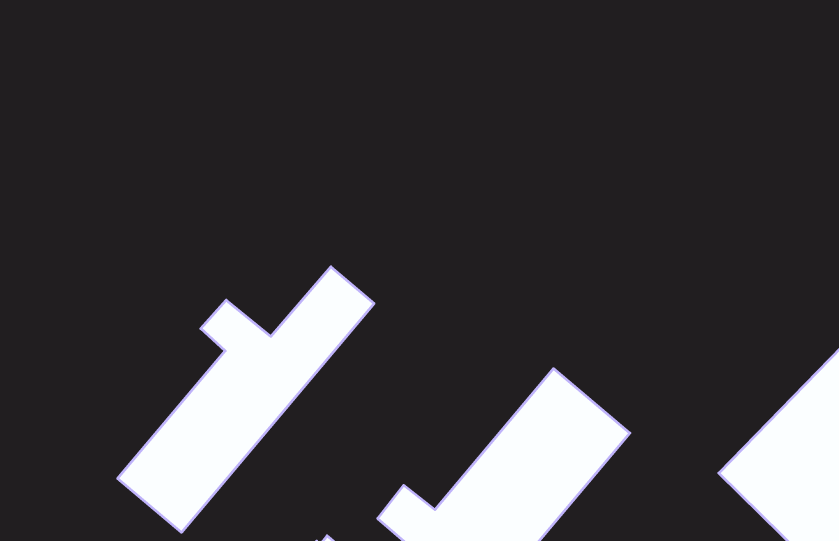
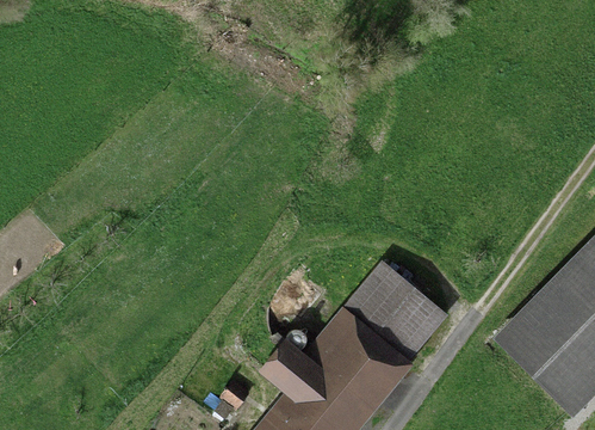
building: [118,267,374,532] -> none

